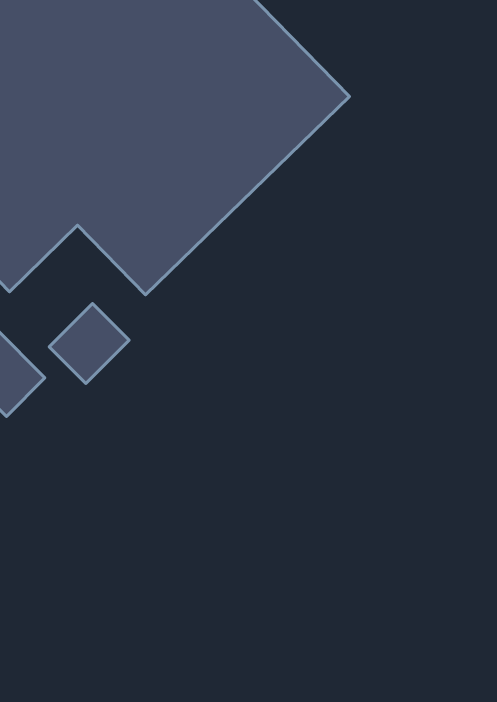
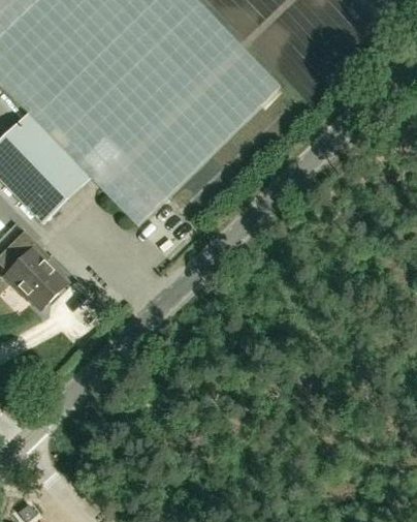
building: [49,304,129,384] -> none

